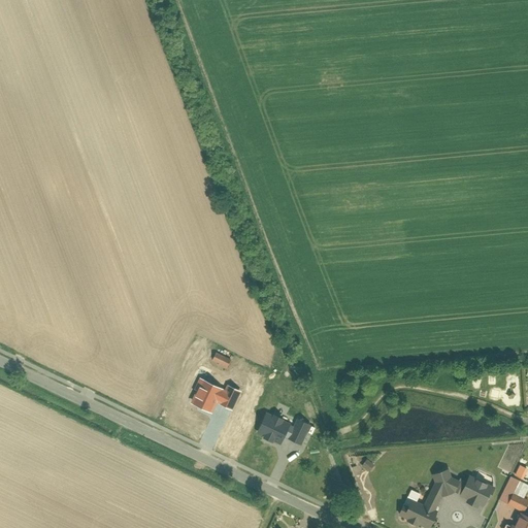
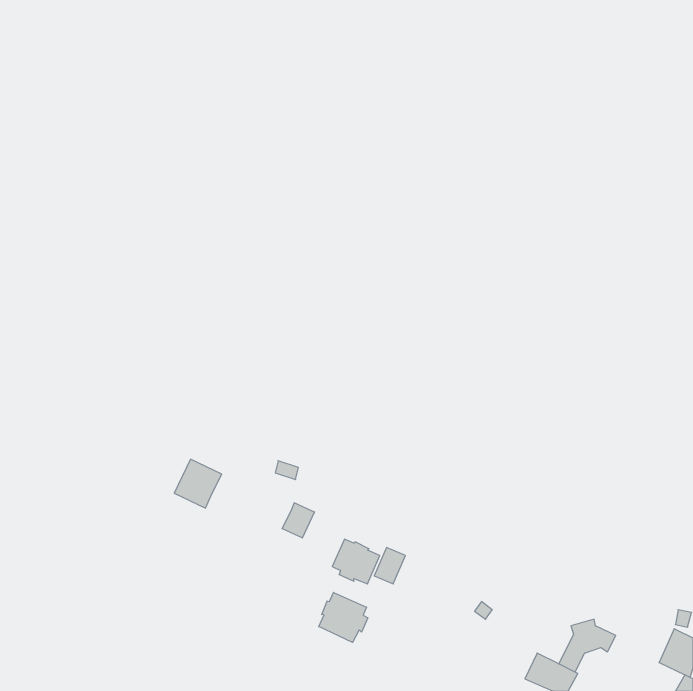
building: [186,376,222,414] -> [174,459,222,508]
building: none -> [319,592,368,642]
building: [462,475,497,510] -> none

